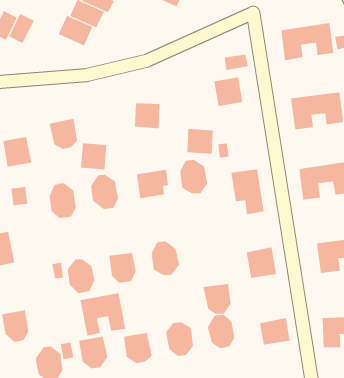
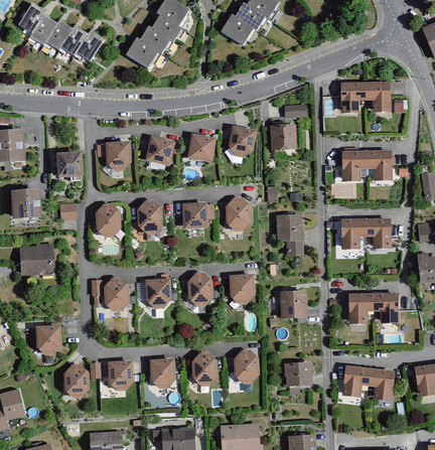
building: [186,129,214,154] -> [228,125,257,153]
building: [80,143,107,170] -> [145,136,174,165]
building: [202,284,232,314] -> [229,275,255,304]
building: [80,293,126,336] -> none

